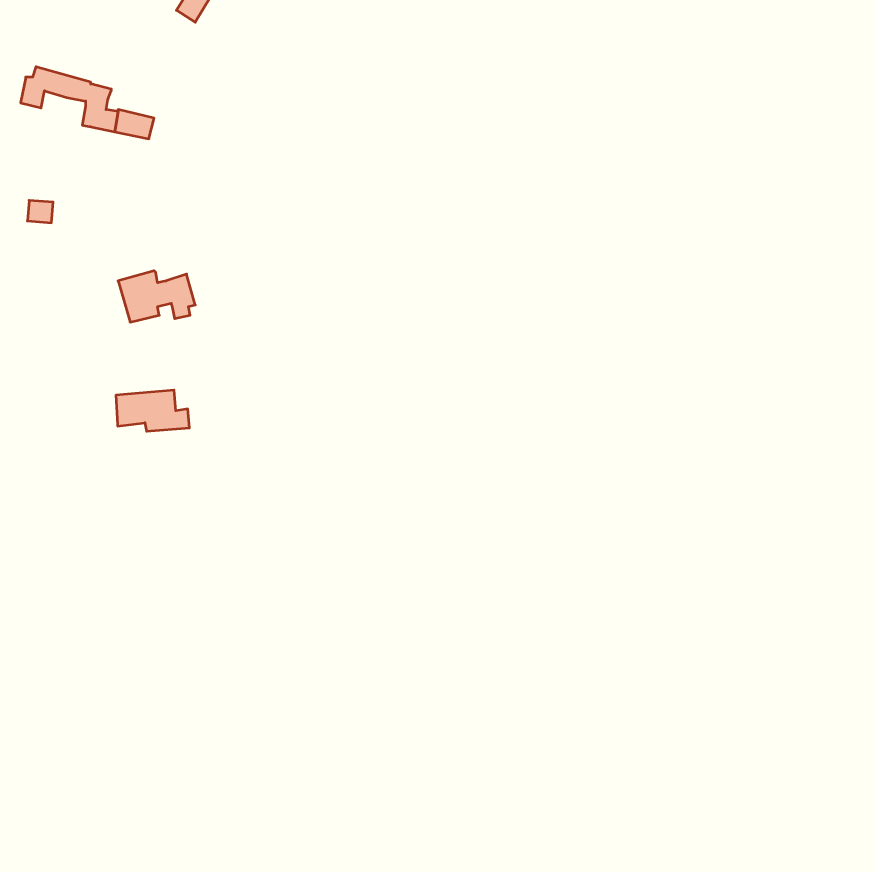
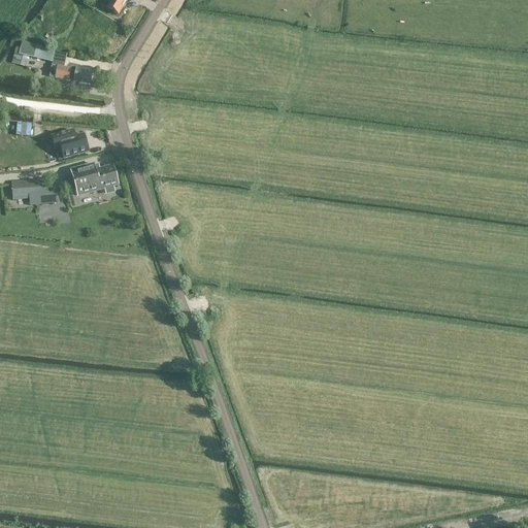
building: none -> [52,129,88,158]
building: [116,390,189,431] -> [11,178,56,203]

